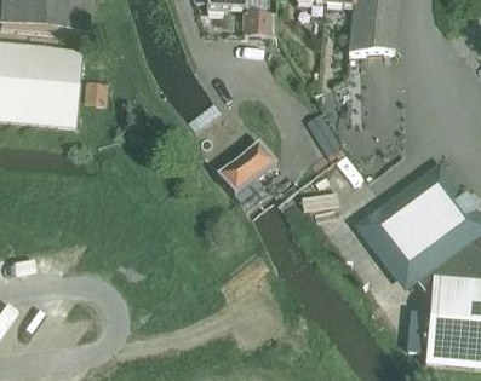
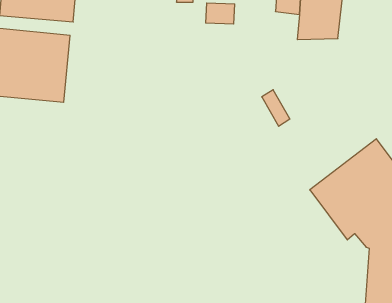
building: [216,139,274,192] -> none

